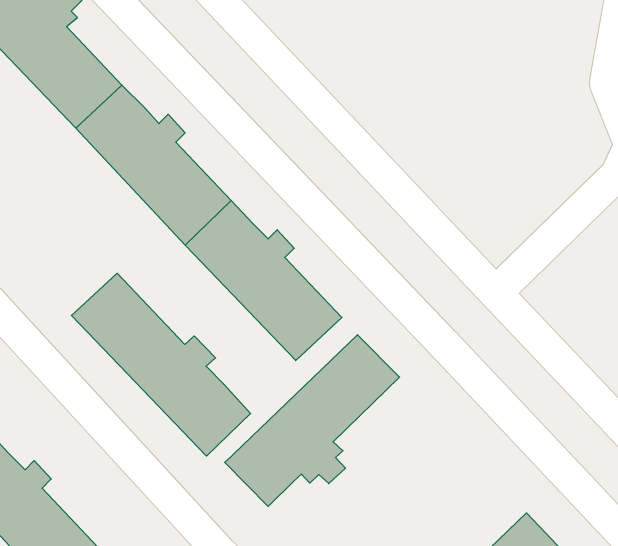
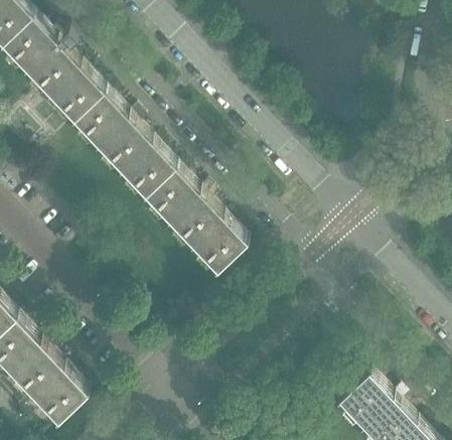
building: [71,273,251,456] -> none
building: [225,335,400,506] -> none

